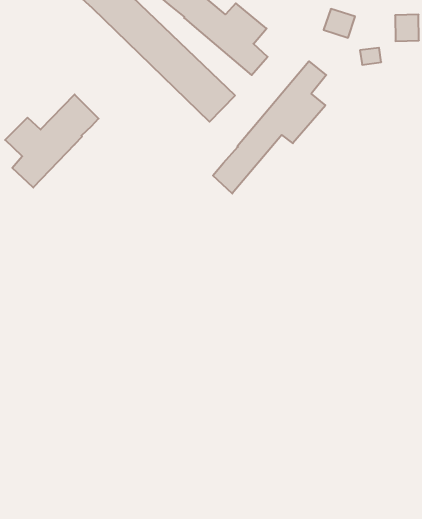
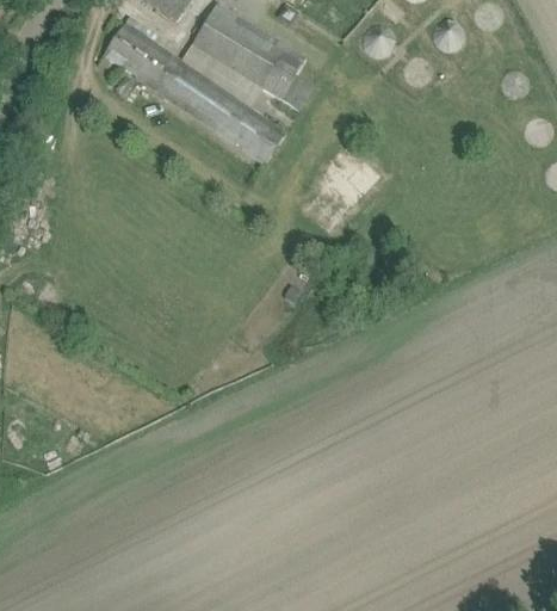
building: [213,61,326,194] -> none
building: [5,94,99,188] -> none

